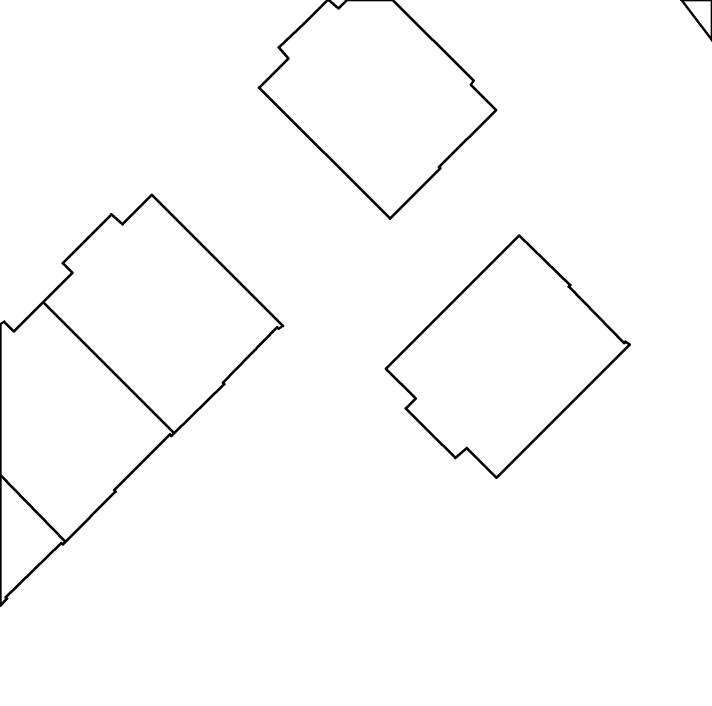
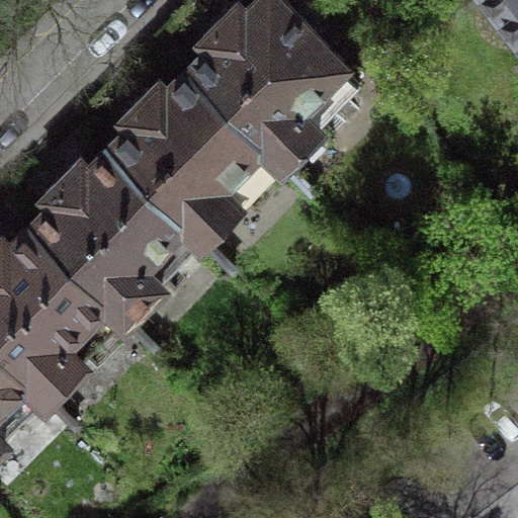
building: none -> [110,68,283,241]
building: [386,236,630,478] -> none

